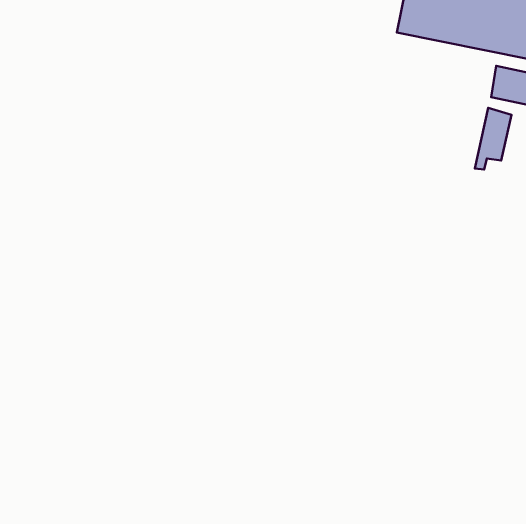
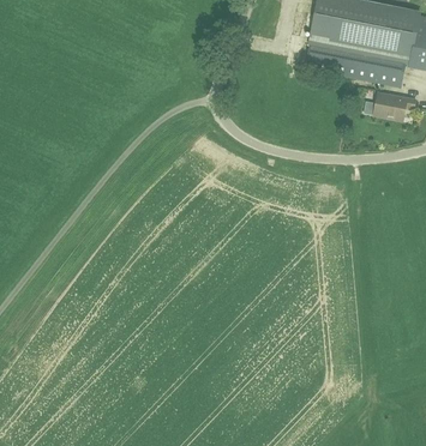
building: [475,108,511,170] -> none

